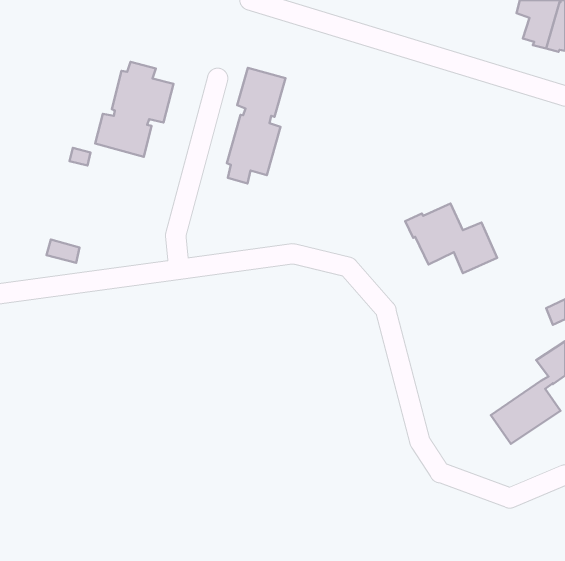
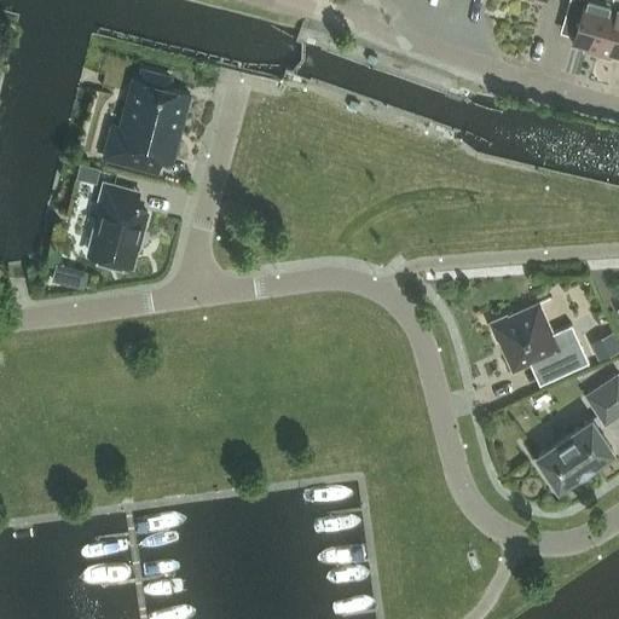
building: [227,68,286,183] -> none
building: none -> [91,185,147,267]
building: [405,204,497,273] -> [488,306,589,382]

